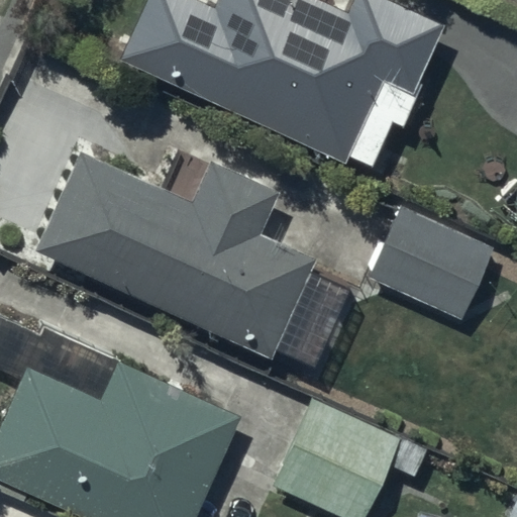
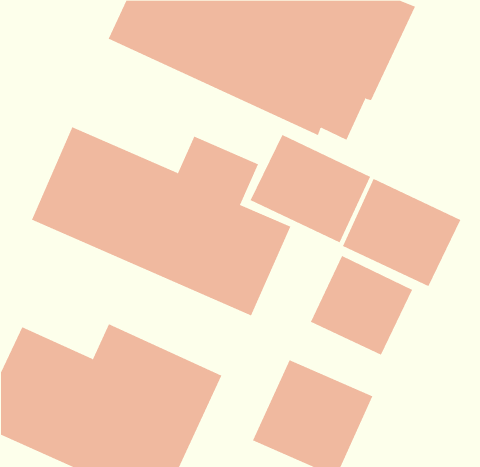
building: none -> [250,134,371,243]
building: none -> [310,255,413,355]

